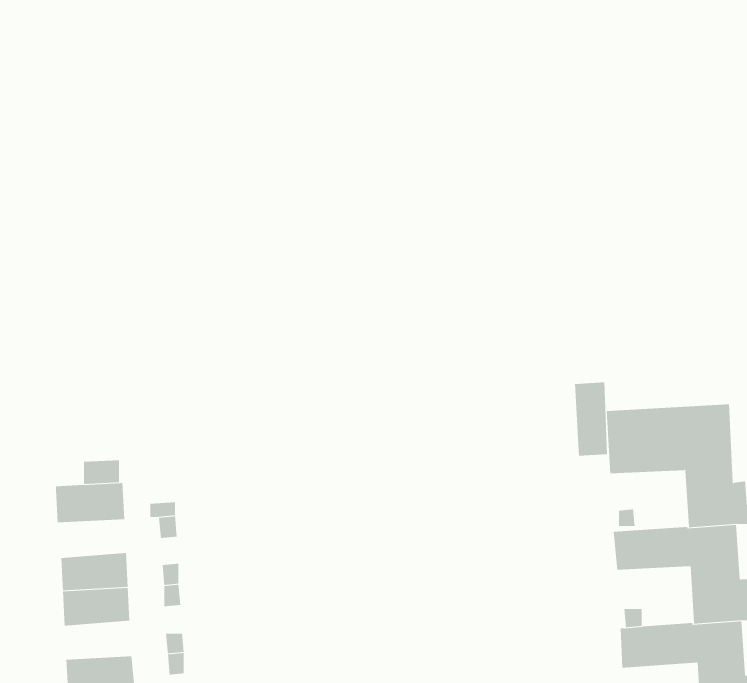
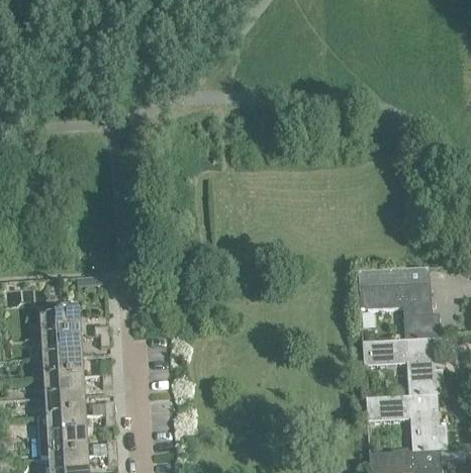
building: [574,382,607,457] -> none
building: none -> [40,337,81,359]
building: none -> [44,395,84,417]

